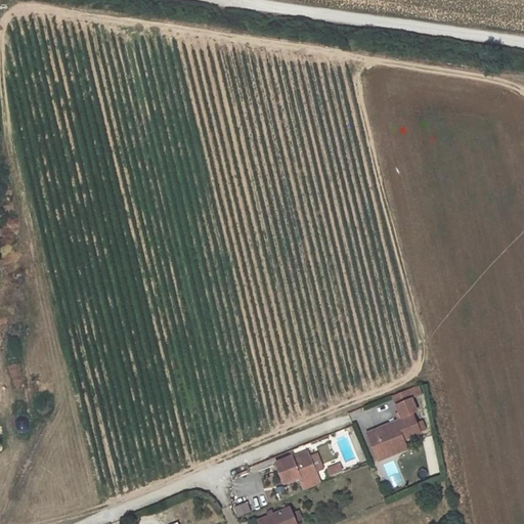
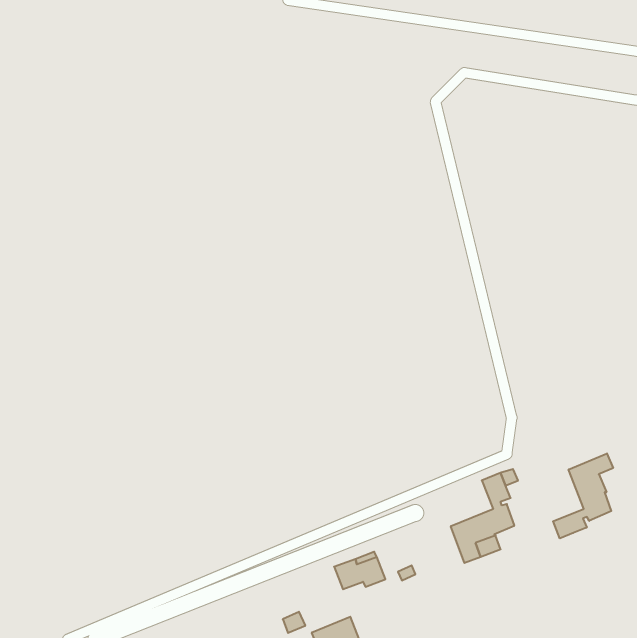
building: none -> [553,453,613,538]

